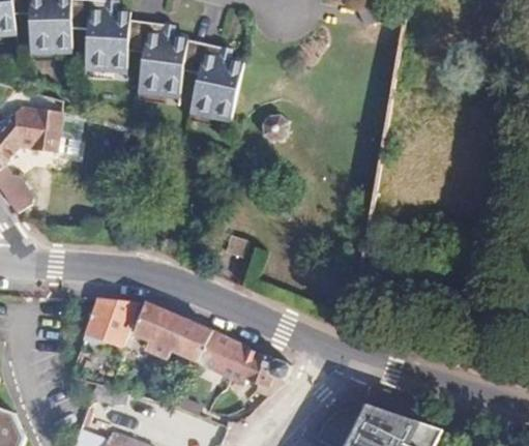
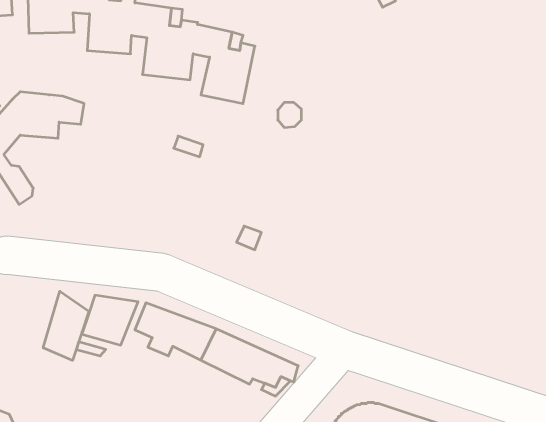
building: none -> [43,291,89,360]

